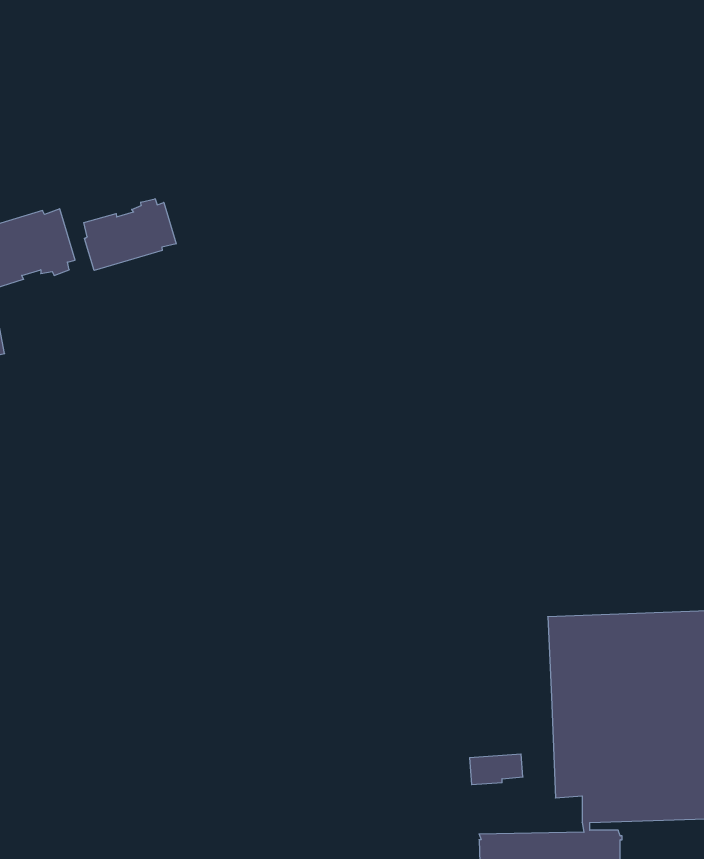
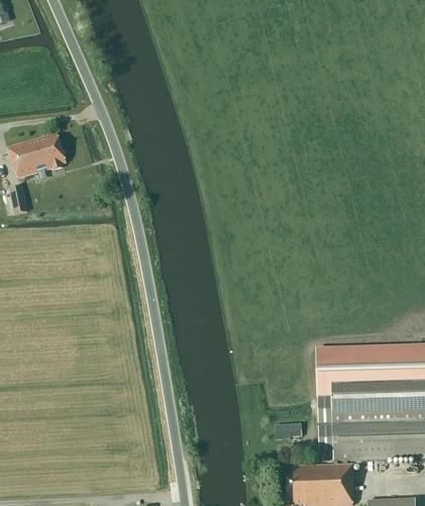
building: [84,199,176,270] -> none

